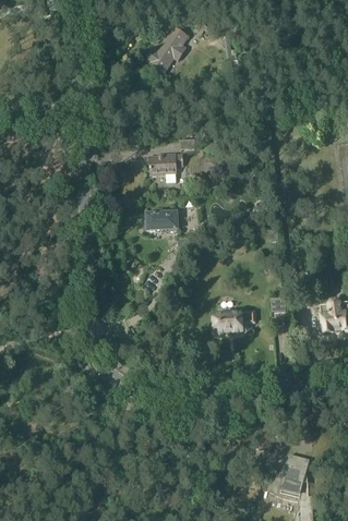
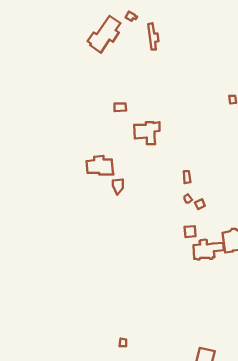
building: [149,152,182,180] -> [134,122,159,144]
building: [215,305,254,331] -> [193,239,224,260]

